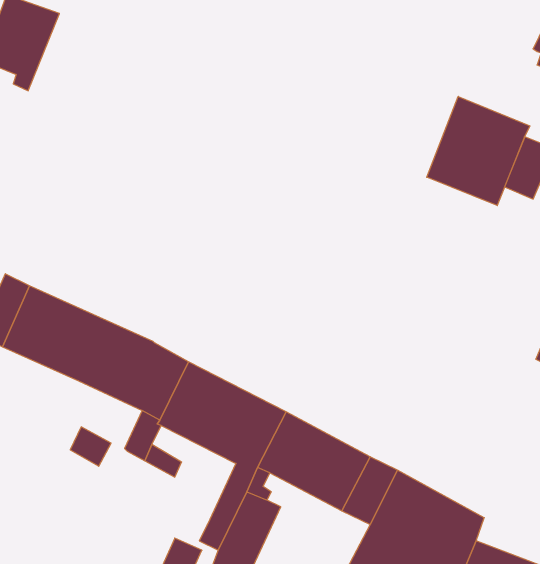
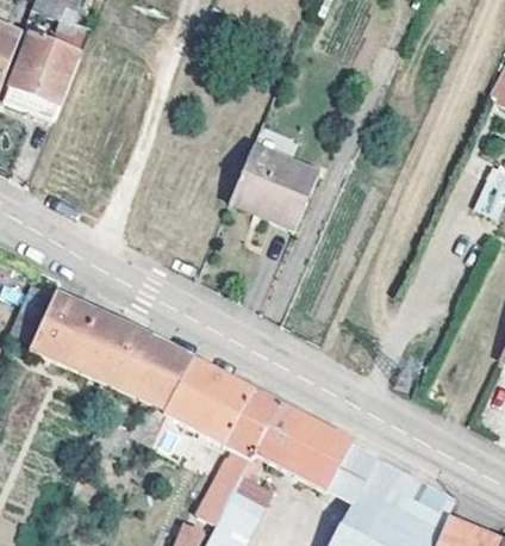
building: [427,96,530,206] -> none
building: none -> [230,147,319,229]

